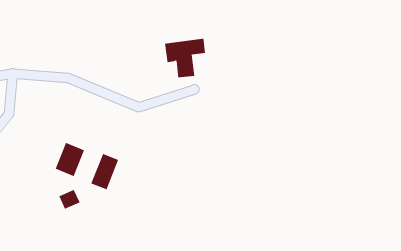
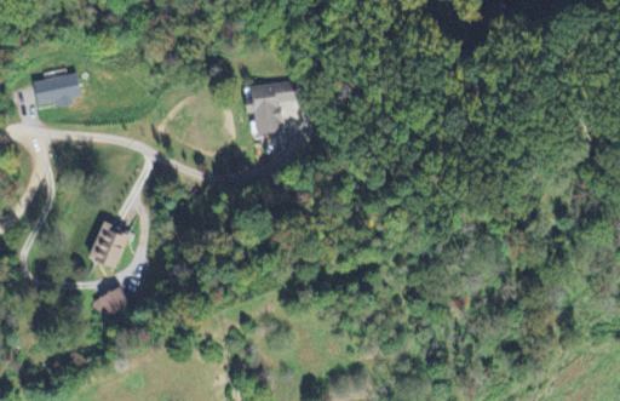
building: none -> [30,71,84,107]
building: [91,153,119,190] -> none

